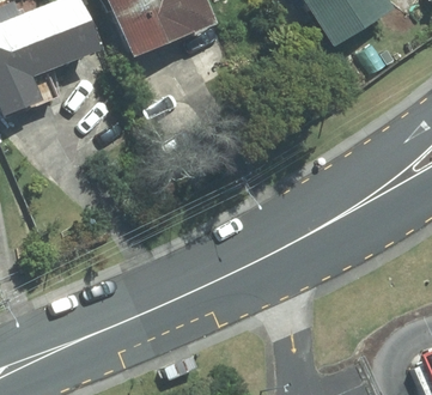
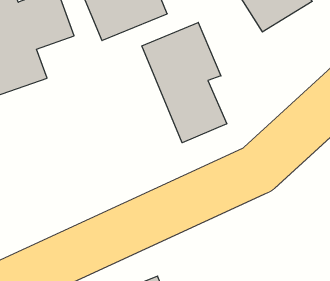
building: none -> [142,22,227,143]

